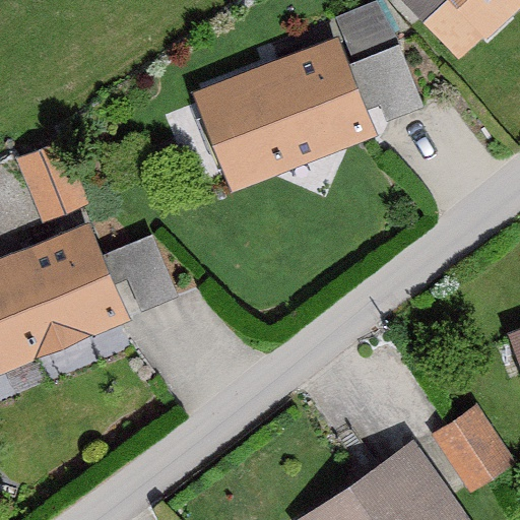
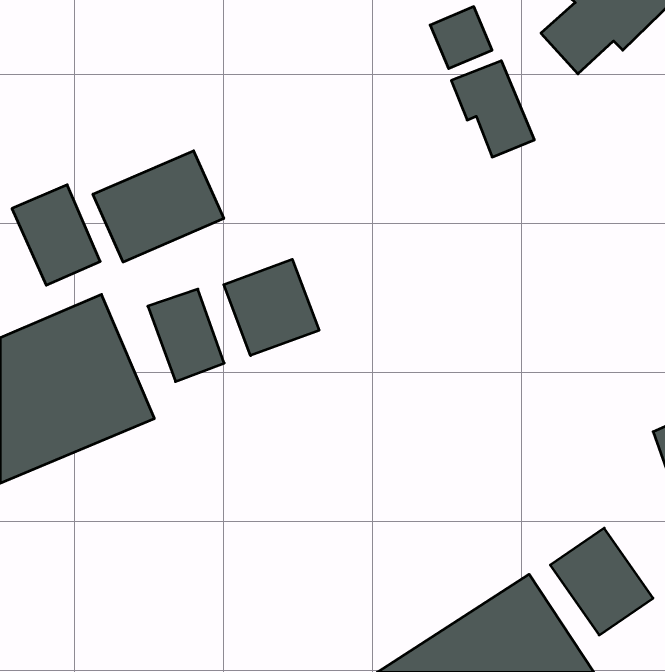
building: [193,36,377,193] -> none
building: none -> [93,151,224,262]
building: none -> [224,259,319,356]

